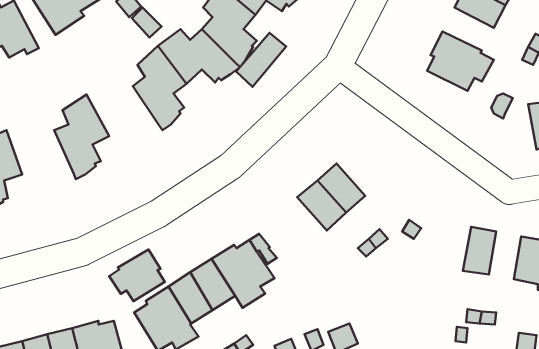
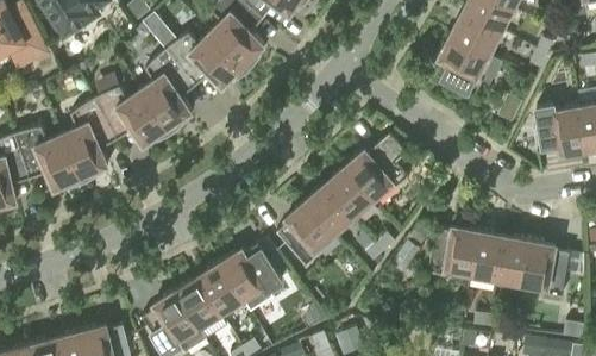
building: none -> [450,12,501,55]
building: [236,33,286,87] -> none
building: none -> [94,87,170,146]
building: none -> [14,127,83,189]
building: none -> [344,135,408,200]
building: none -> [276,201,334,267]
building: none -> [427,226,478,276]
building: none -> [496,236,528,283]
building: [109,249,165,301] -> none

